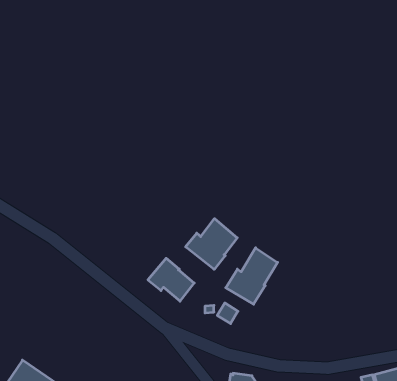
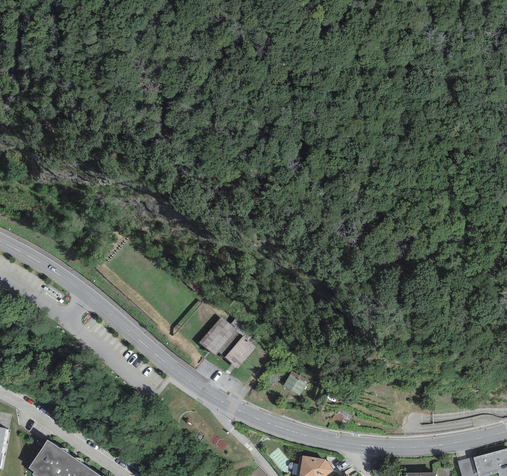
building: [186,219,237,269] -> none
building: [226,248,278,304] -> none

